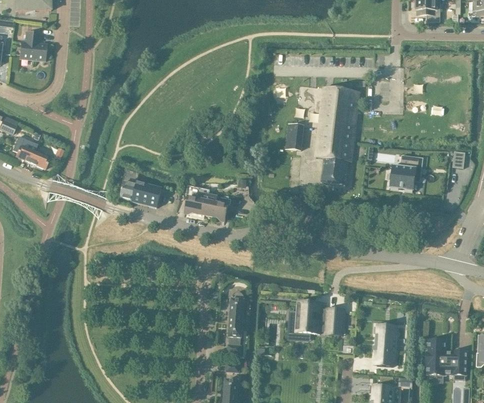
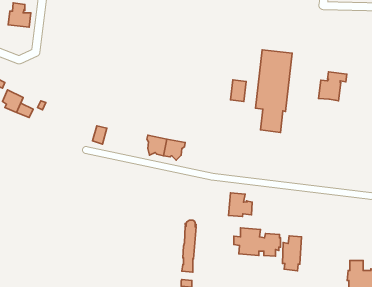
building: [389,154,423,189] -> [318,72,347,101]
building: [132,181,161,207] -> none
building: none -> [229,193,252,217]
building: [374,324,397,366] -> [282,236,302,271]

